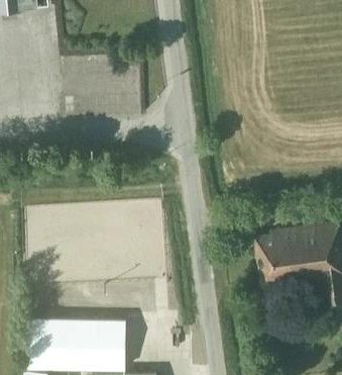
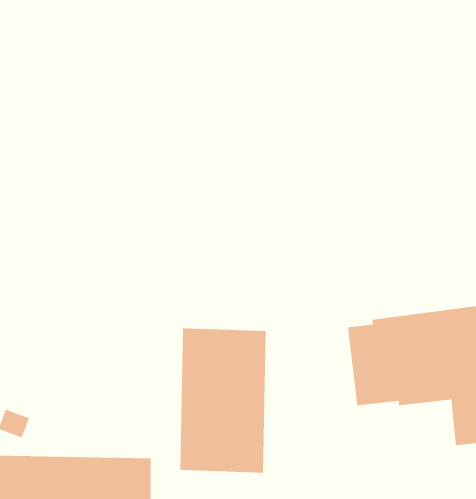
building: none -> [180,328,266,474]

